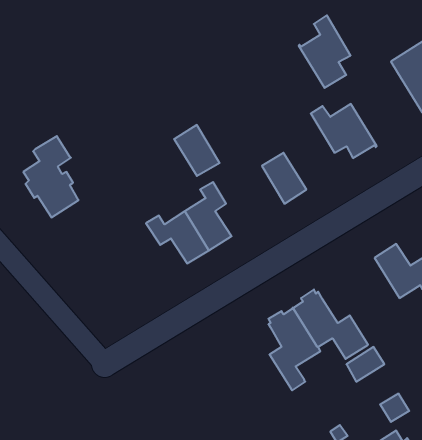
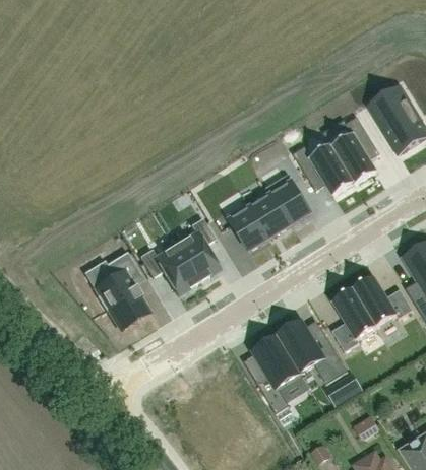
building: [299,15,351,88] -> [331,116,380,184]
building: [174,125,220,176] -> [227,202,269,250]
building: none -> [266,174,311,224]
building: [23,136,79,217] -> [96,252,147,328]
building: none -> [332,288,377,350]

